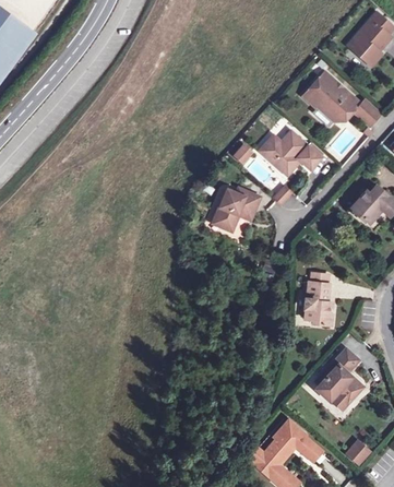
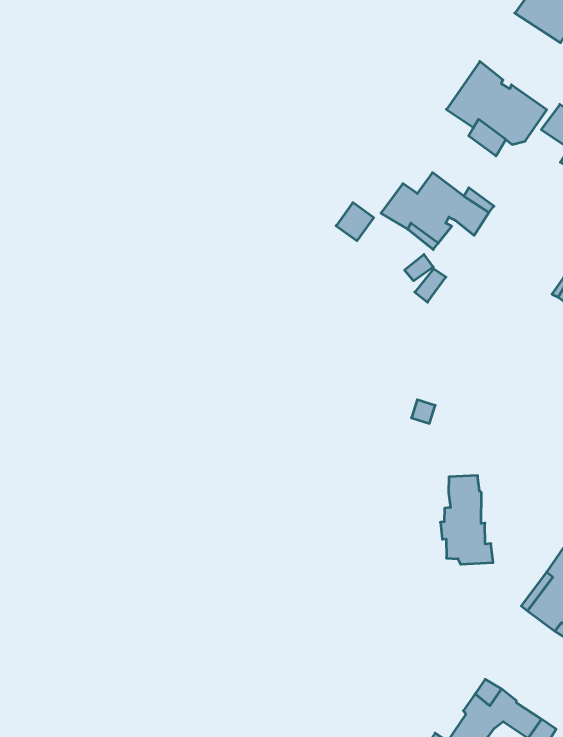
building: [215,189,261,231] -> none
building: [305,273,332,324] -> [440,476,493,564]

